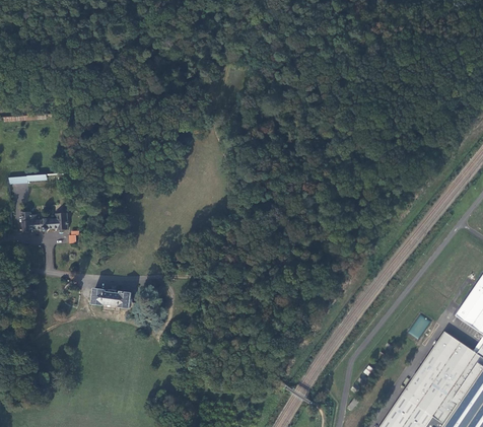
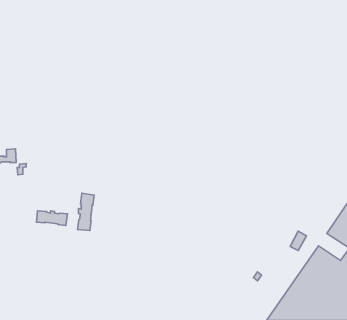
building: none -> [78,193,94,231]

